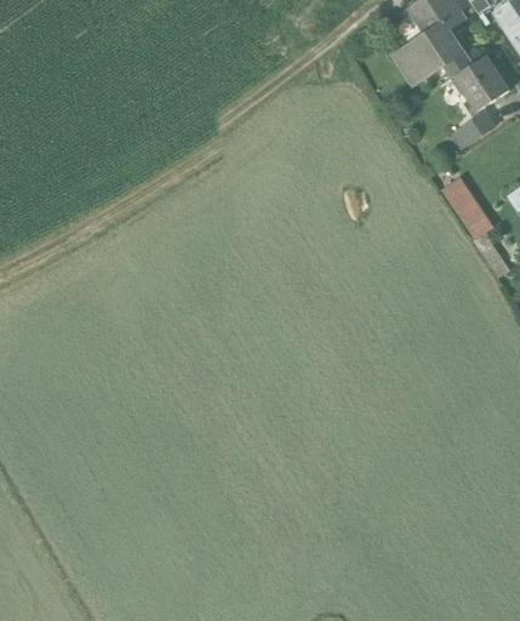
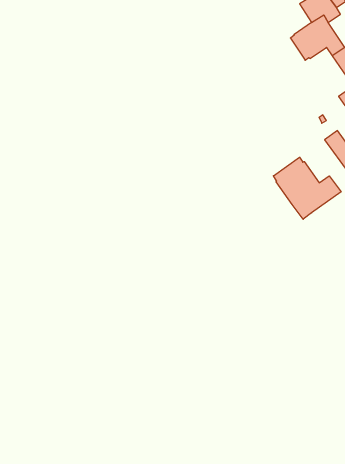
building: none -> [273,157,341,219]

